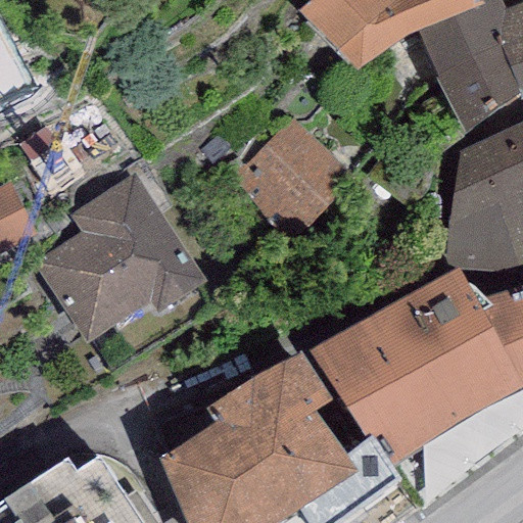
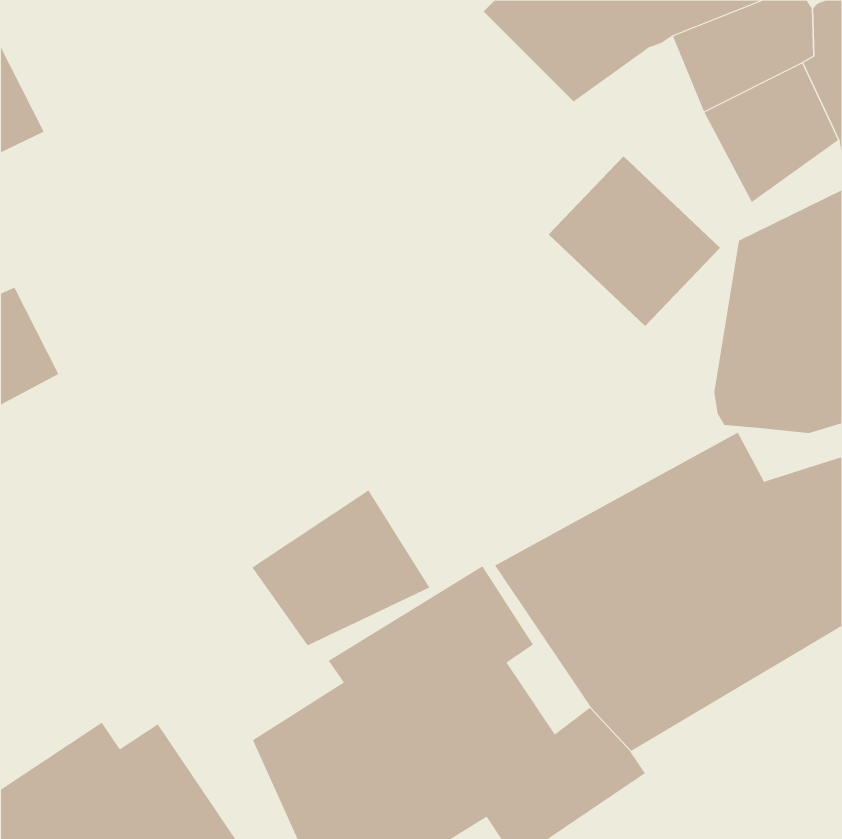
building: [244,118,351,225] -> [548,156,721,327]
building: [35,172,205,341] -> none
building: none -> [252,490,430,646]

